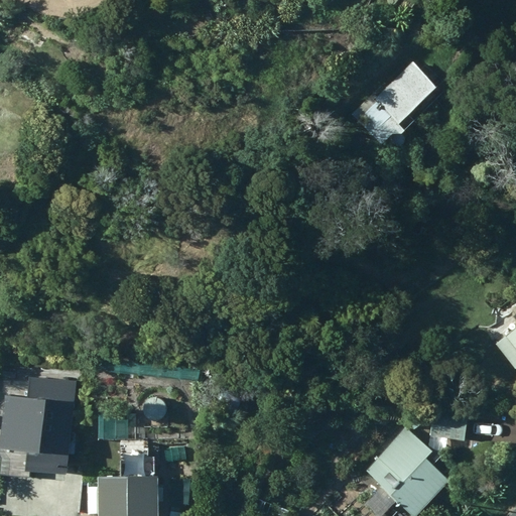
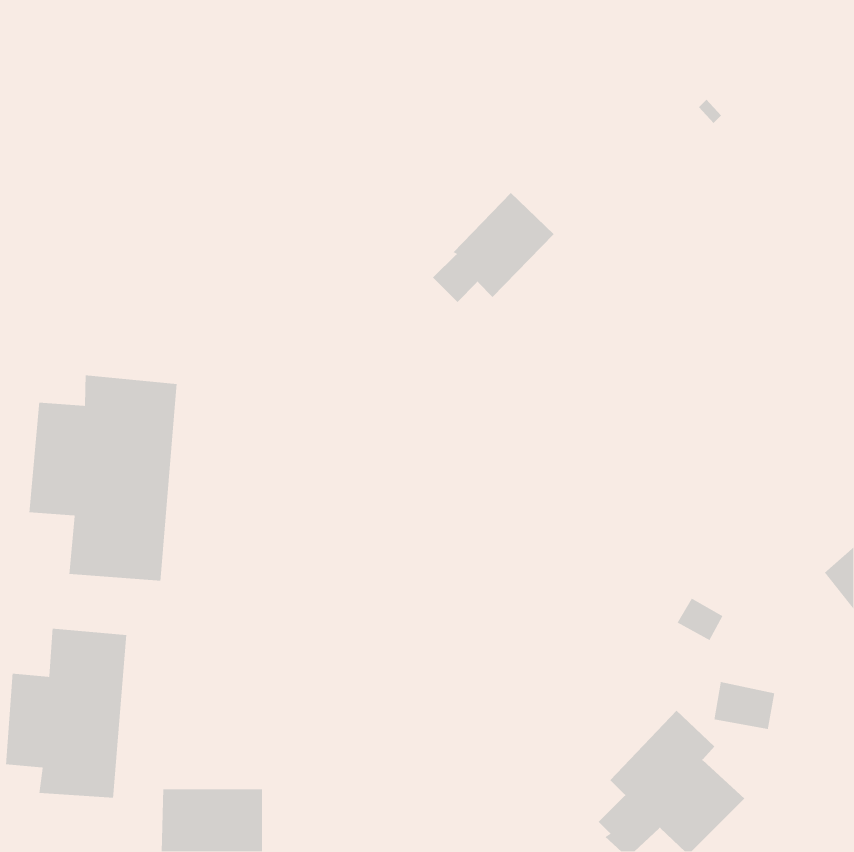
building: [363,60,436,127] -> [432,192,554,303]
building: none -> [29,375,177,581]

